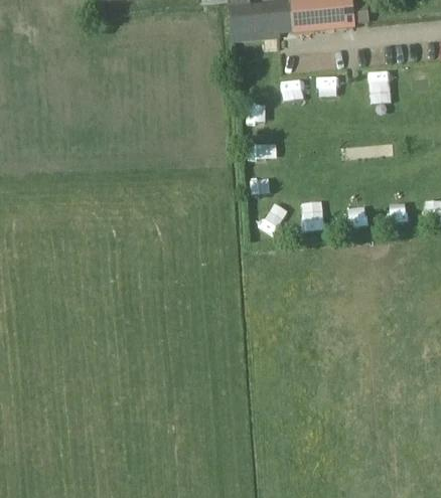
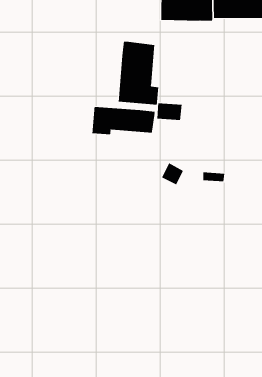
building: none -> [118,41,159,105]
building: none -> [92,106,155,135]

